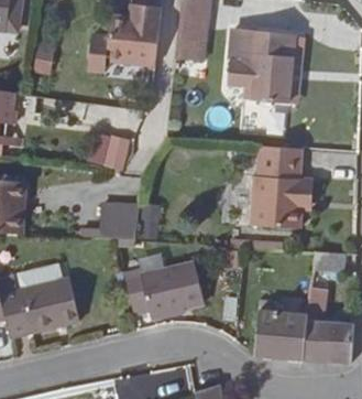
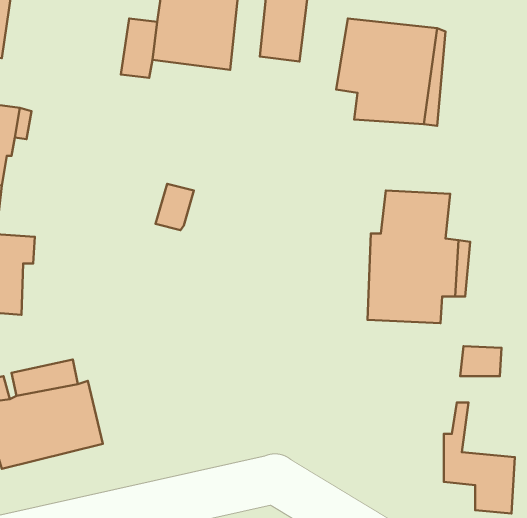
building: [99,205,143,238] -> none
building: [120,259,200,311] -> none
building: [248,301,321,360] -> none

